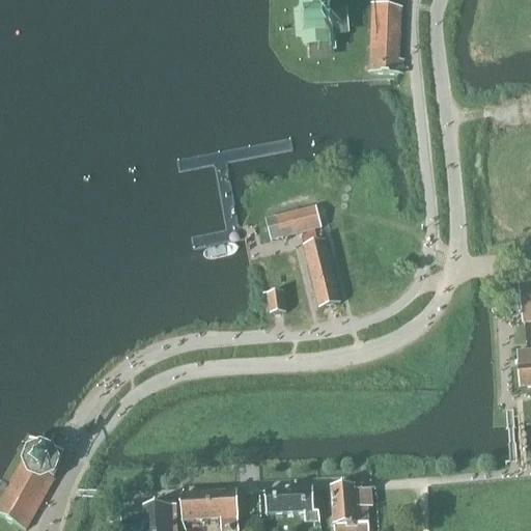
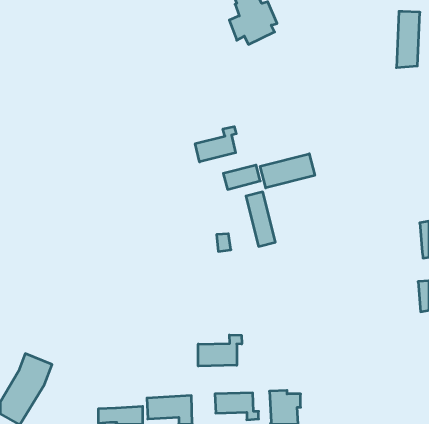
building: [372,4,401,74] -> [396,11,420,68]
building: none -> [195,127,236,162]
building: none -> [260,154,315,188]
building: none -> [198,335,242,366]

